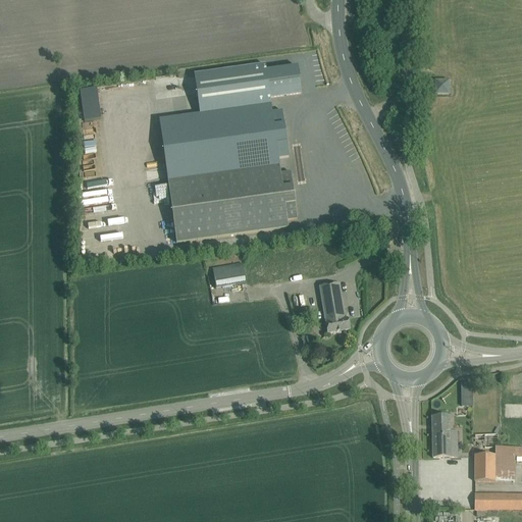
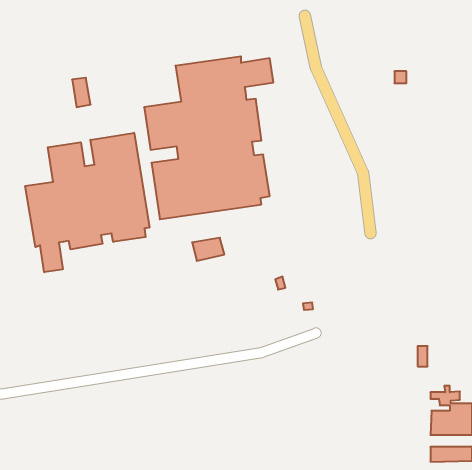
building: none -> [25,133,149,272]
building: [319,280,350,331] -> none
building: [431,414,458,456] -> none

